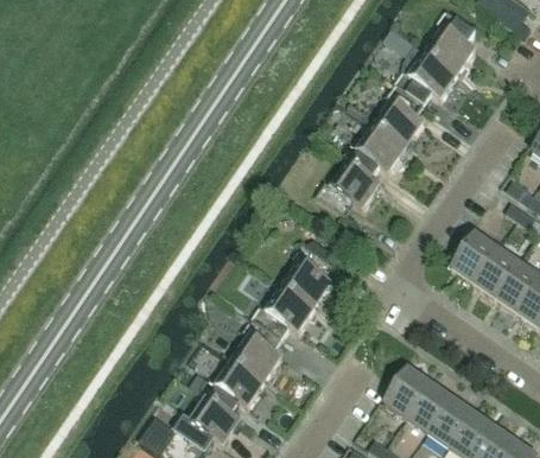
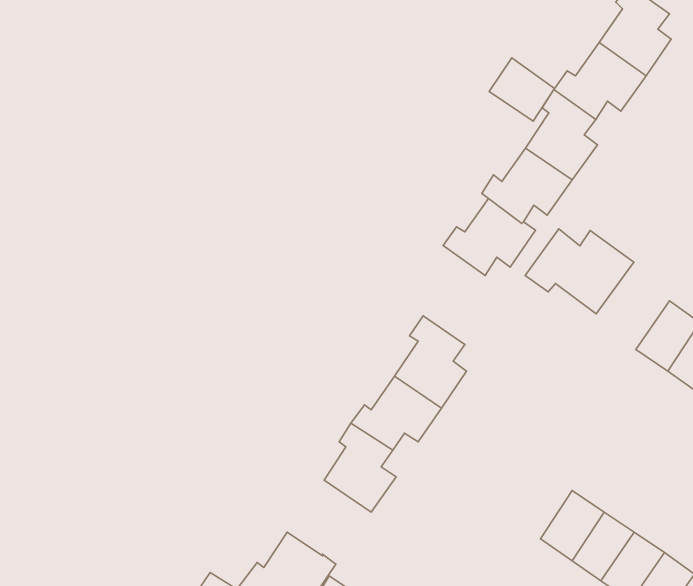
building: none -> [489,58,554,121]
building: none -> [525,229,634,314]
building: [202,361,266,414] -> none

